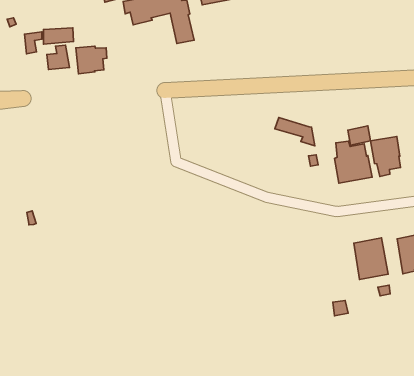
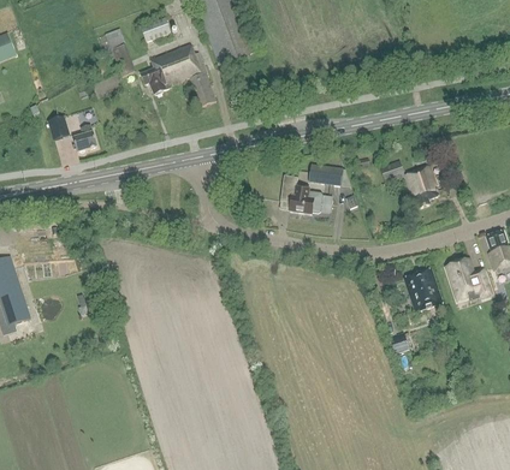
building: [76,46,107,74] -> none
building: none -> [279,174,321,213]
building: [335,141,372,183] -> none

